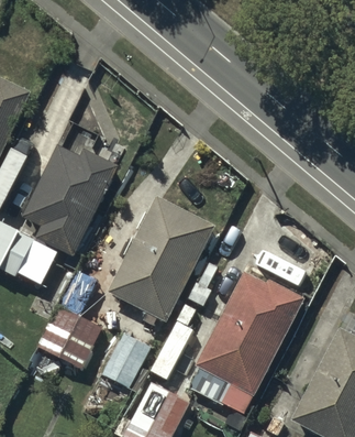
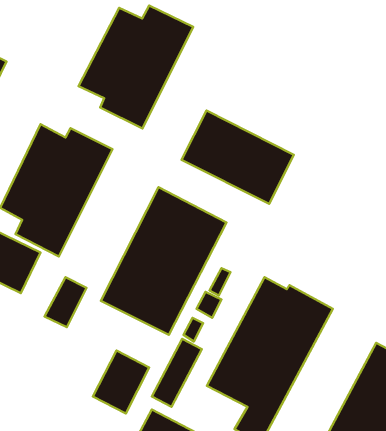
building: none -> [79,5,193,128]
building: none -> [182,111,294,204]
building: [38,308,100,368] -> none

